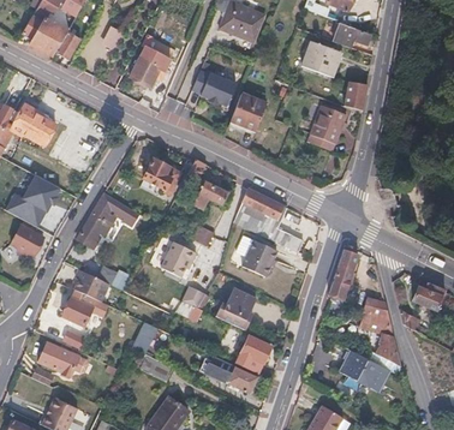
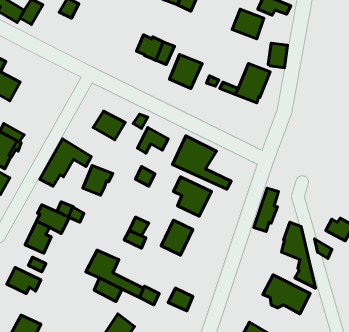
building: [130,44,171,85] -> none
building: [160,240,195,275] -> [83,165,113,195]
building: [227,330,270,371] -> none

